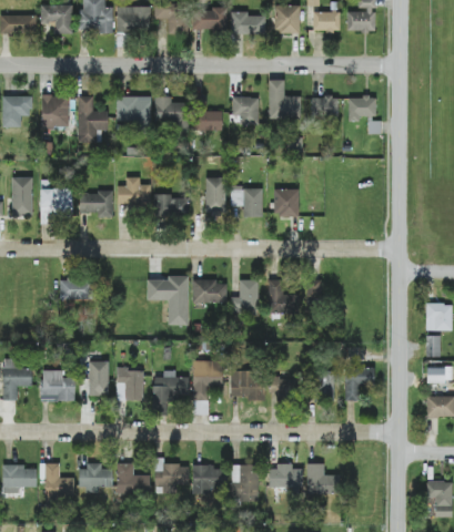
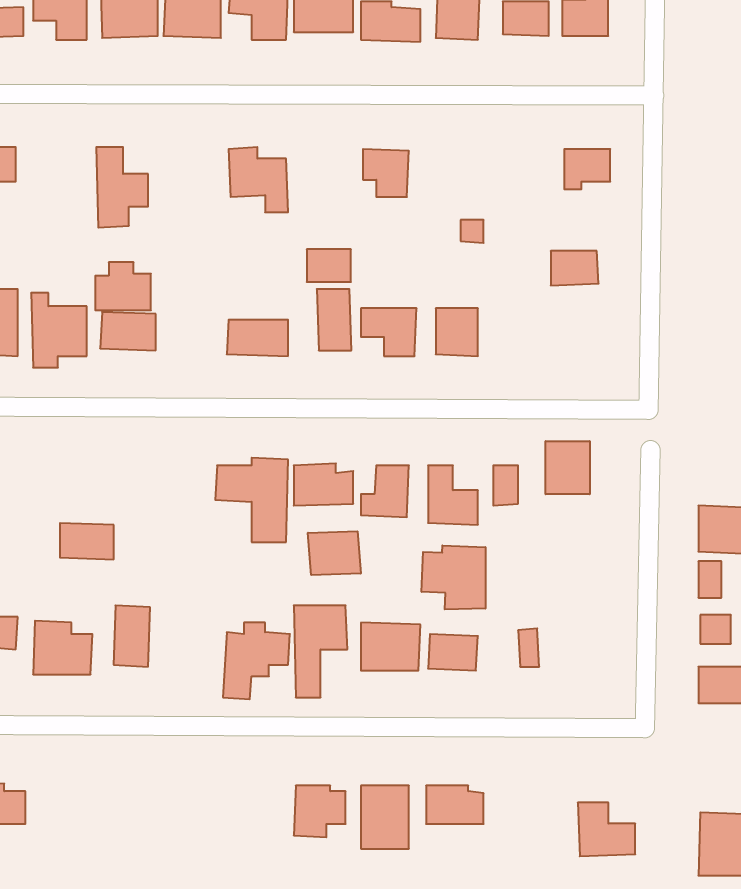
building: [269,79,301,117] -> none
building: [41,94,68,130] -> none
building: [117,96,151,126] -> none
building: [311,96,339,116] -> [551,251,599,285]
building: [196,111,222,130] -> [307,249,351,282]
building: [118,177,150,205] -> [95,262,151,310]
building: none -> [546,441,590,494]
building: [60,278,91,299] -> [60,523,114,559]
building: none -> [308,531,361,575]
building: none -> [422,545,485,609]
building: [117,367,143,400] -> none
building: [344,367,375,400] -> none
building: [44,462,74,498] -> none
building: [154,462,189,493] -> none
building: [306,462,340,493] -> [578,803,635,856]
building: [117,463,150,494] -> none
building: [81,464,112,492] -> none

